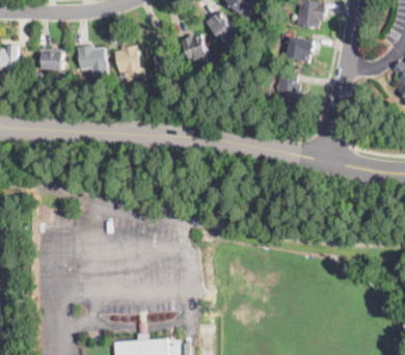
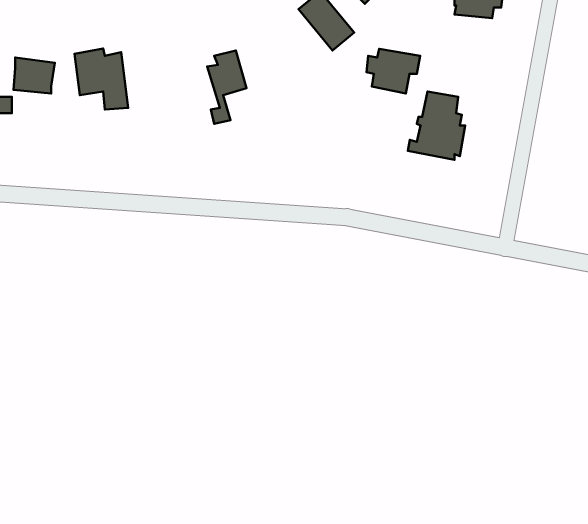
building: [180,34,210,64] -> none
building: [284,37,315,63] -> [367,49,420,94]
building: [114,46,150,94] -> none

